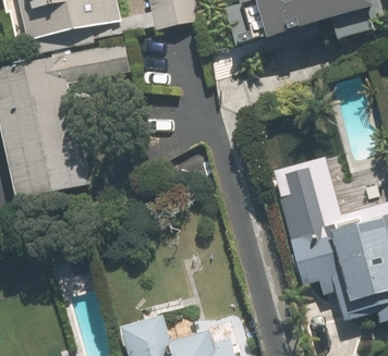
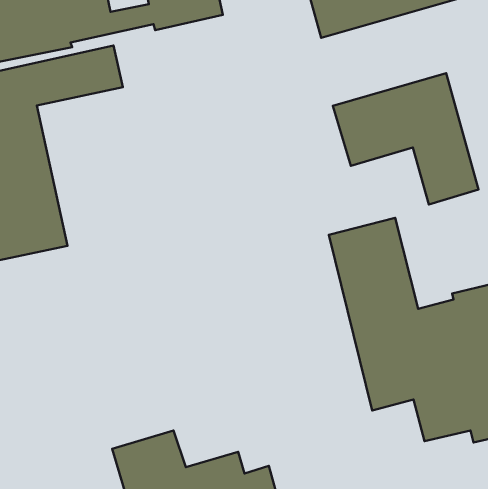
building: none -> [333,73,479,204]

